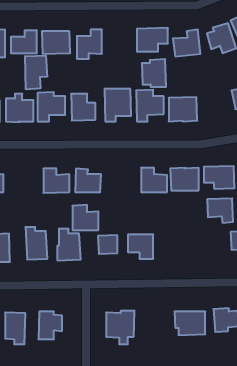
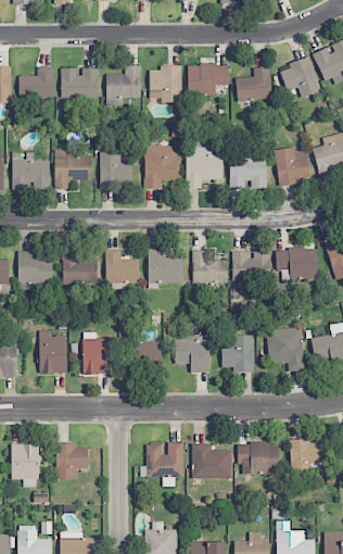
building: [25,56,47,89] -> none
building: [142,59,166,87] -> [149,65,181,102]
building: none -> [274,148,309,187]
building: none -> [17,251,52,288]
building: [207,198,233,223] -> [268,339,303,372]
building: [72,205,98,230] -> [148,250,182,284]
building: none -> [220,336,254,373]
building: none -> [192,444,231,479]

